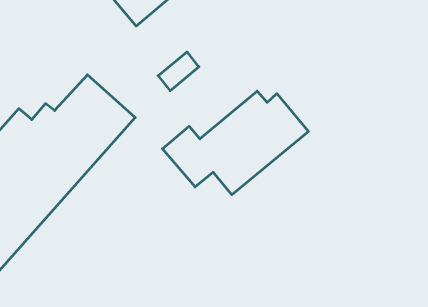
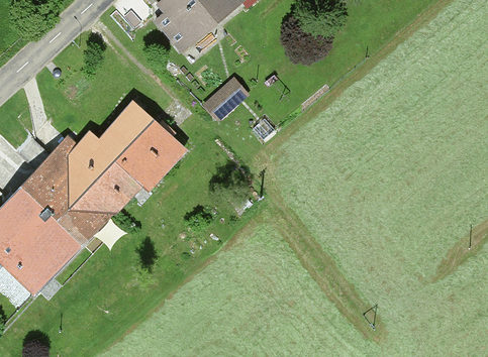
building: [162,91,308,195] -> none

